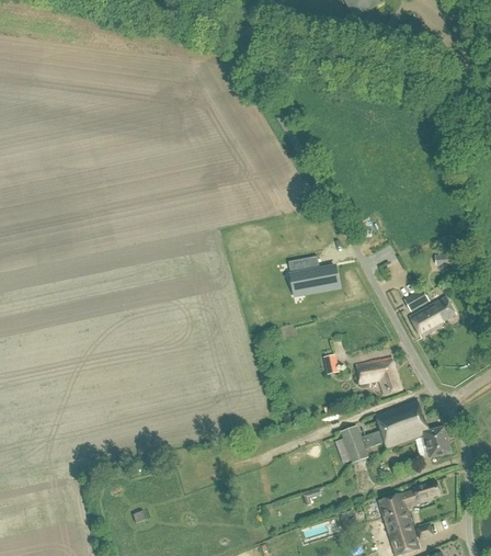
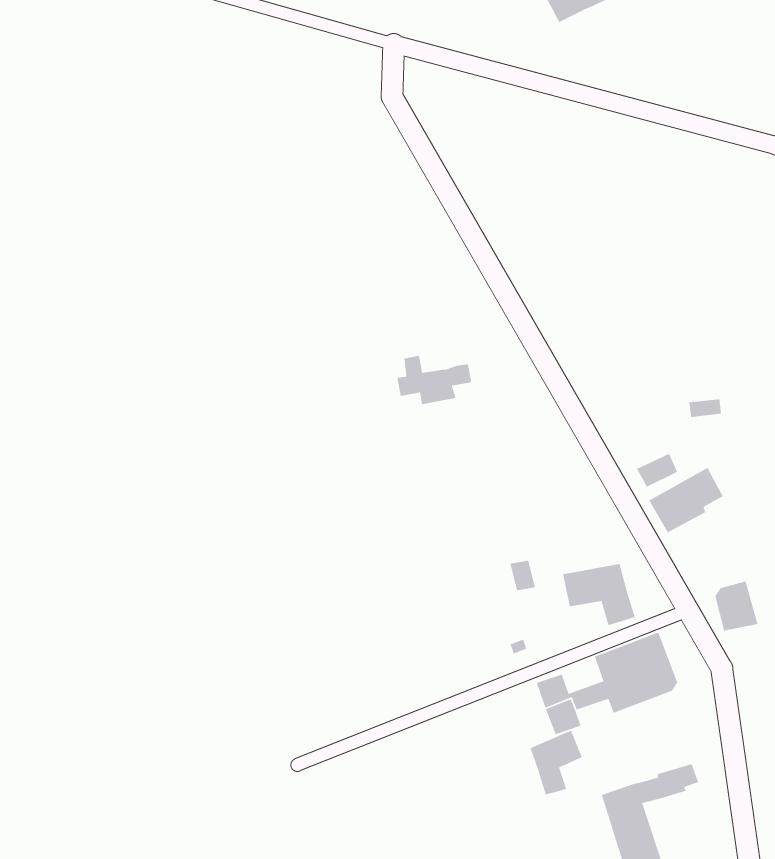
building: [290,261,338,293] -> [397,355,472,406]
building: [424,425,452,457] -> [715,581,759,631]
building: none -> [530,730,583,796]

